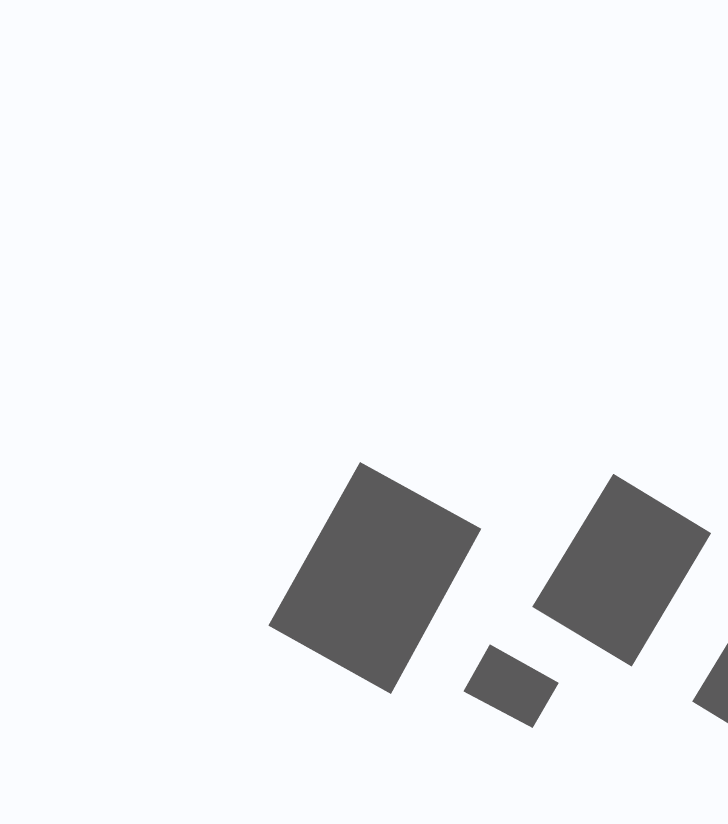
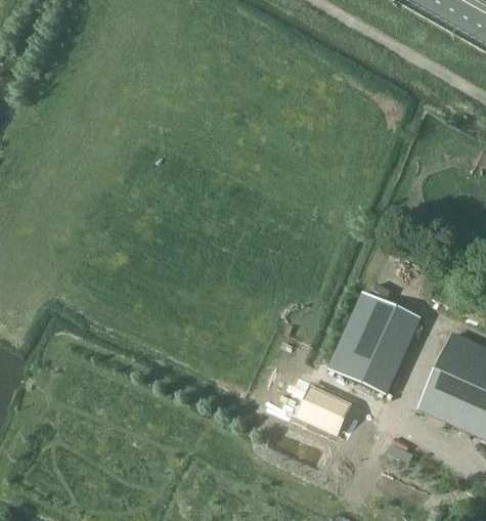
building: [267,461,482,695] -> none

